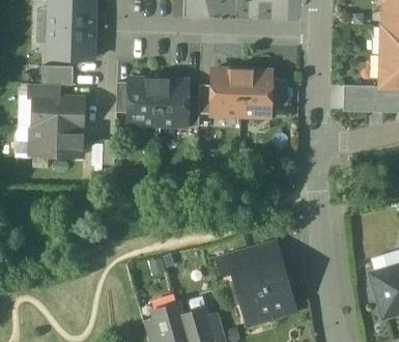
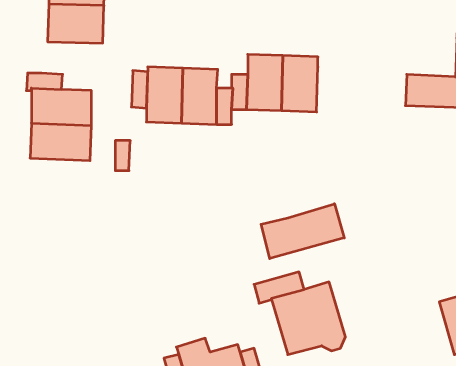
building: [41,66,74,85] -> none
building: [269,79,287,117] -> none
building: none -> [261,204,344,259]

